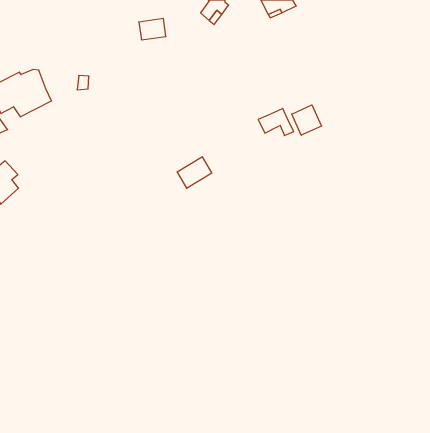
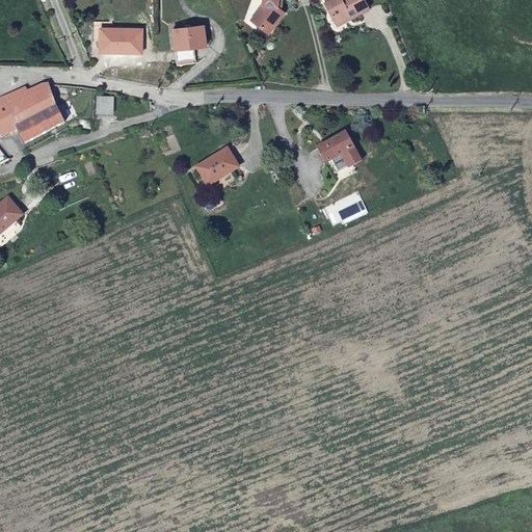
building: none -> [98,27,139,52]
building: [292,105,321,135] -> none
building: [177,157,212,188] -> [196,147,239,185]

